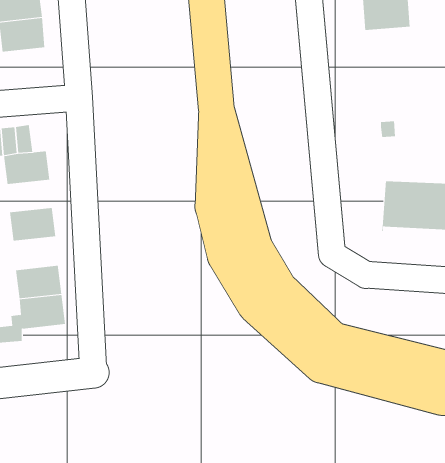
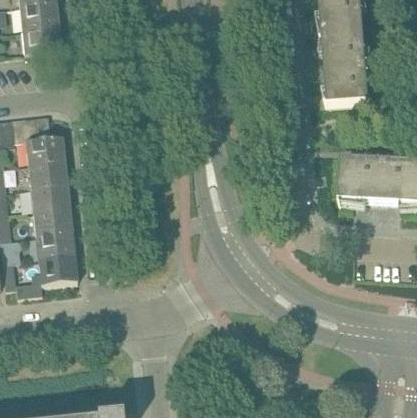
building: none -> [325,34,368,106]
building: none -> [28,161,66,188]
building: none -> [33,208,71,236]

